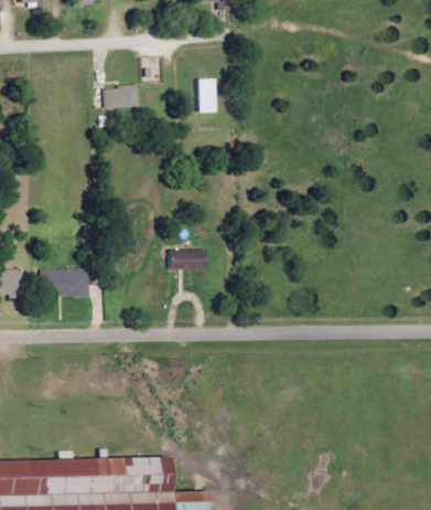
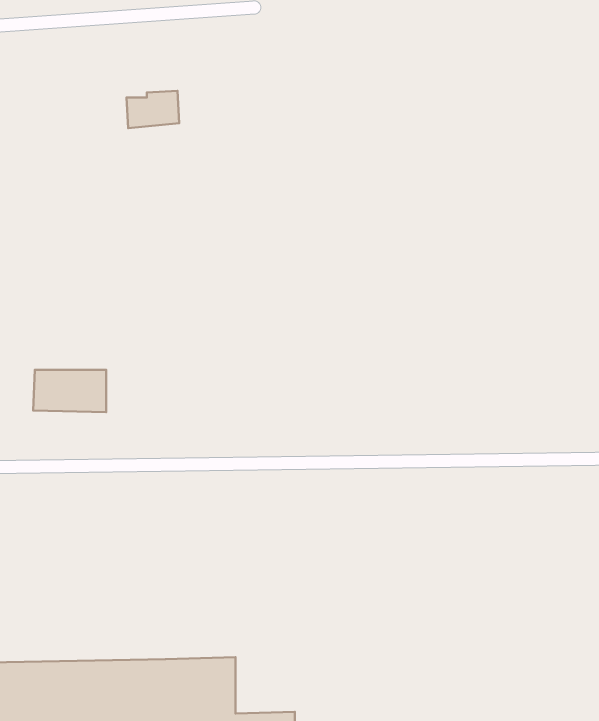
building: [196,78,215,113] -> none
building: [168,249,206,270] -> none

